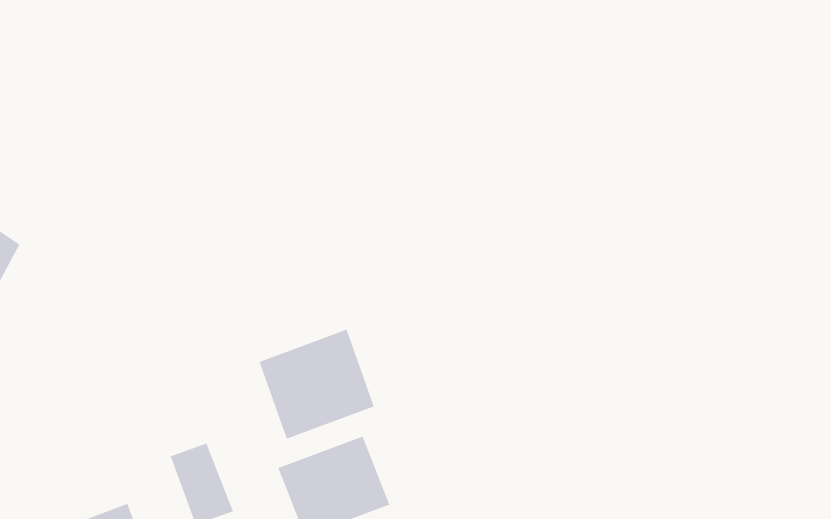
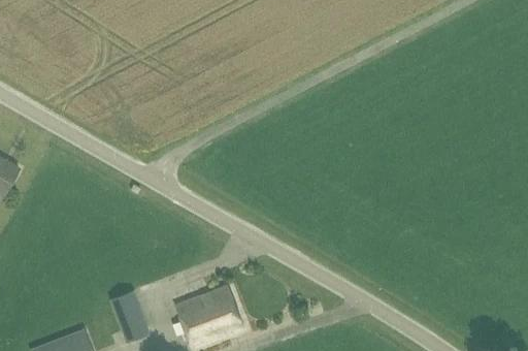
building: [259,329,375,439] -> none

